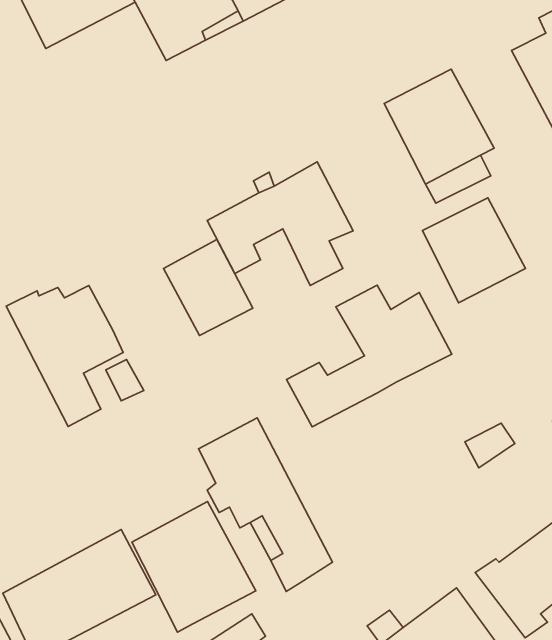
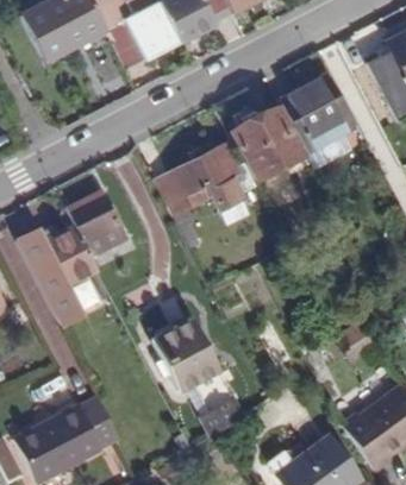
building: [423,198,526,303] -> [232,108,304,181]
building: [163,239,253,336] -> [65,190,127,257]
building: [287,285,452,427] -> none
building: [132,502,256,632] -> none

